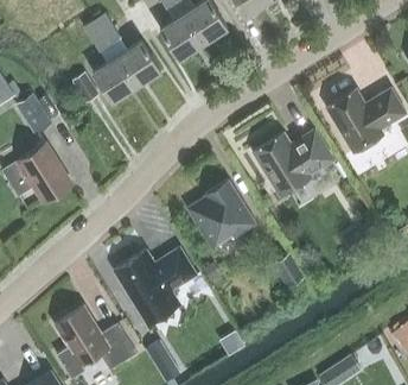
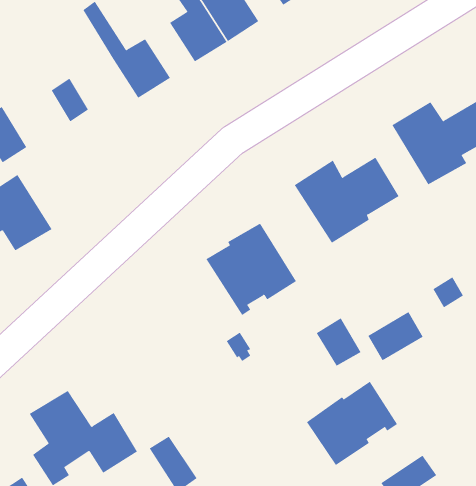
building: [83,19,136,101] -> none
building: none -> [368,311,424,361]
building: [115,246,196,318] -> none
building: none -> [306,381,398,466]

